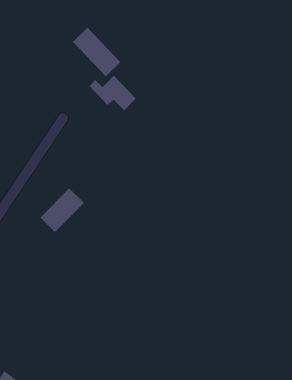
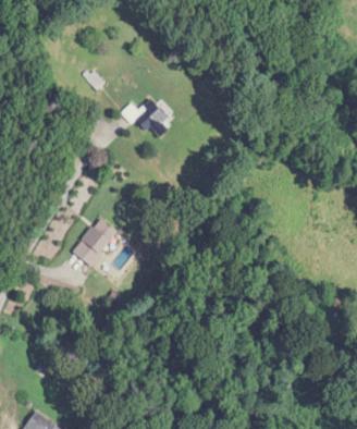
building: [72,27,121,77] -> none

